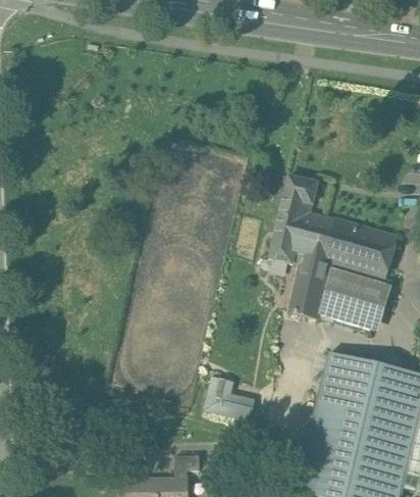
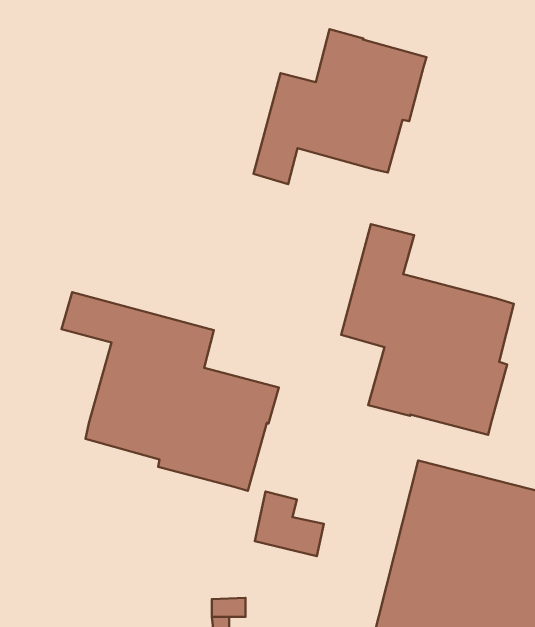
building: none -> [253,29,426,184]
building: none -> [61,292,279,491]

